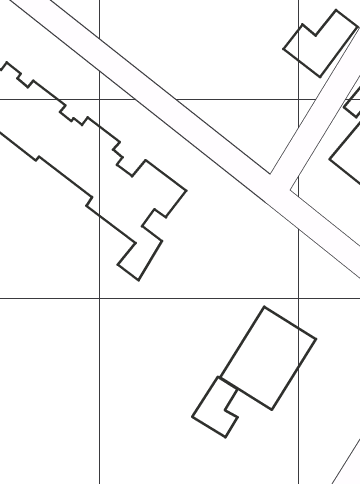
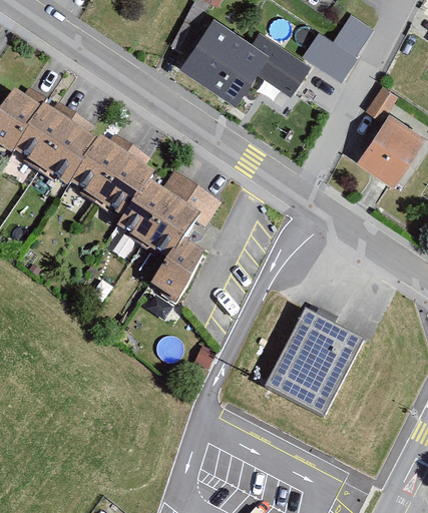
building: none -> [180,19,305,100]
building: [192,377,238,437] -> none

